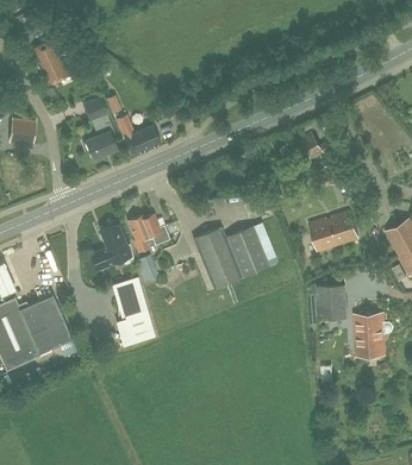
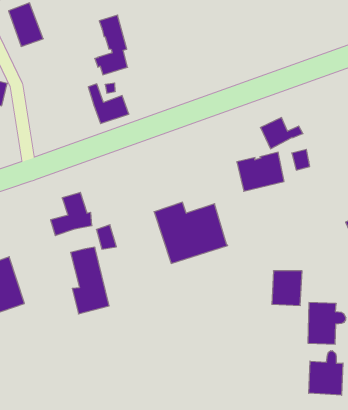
building: [82,96,116,157] -> [95,15,128,75]
building: [308,209,357,251] -> [237,152,284,191]
building: [127,213,170,251] -> none
building: none -> [309,351,343,395]

